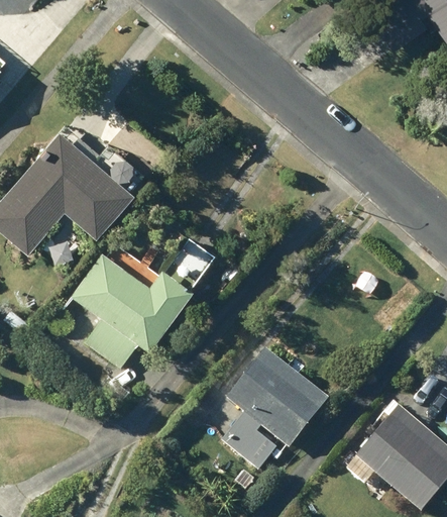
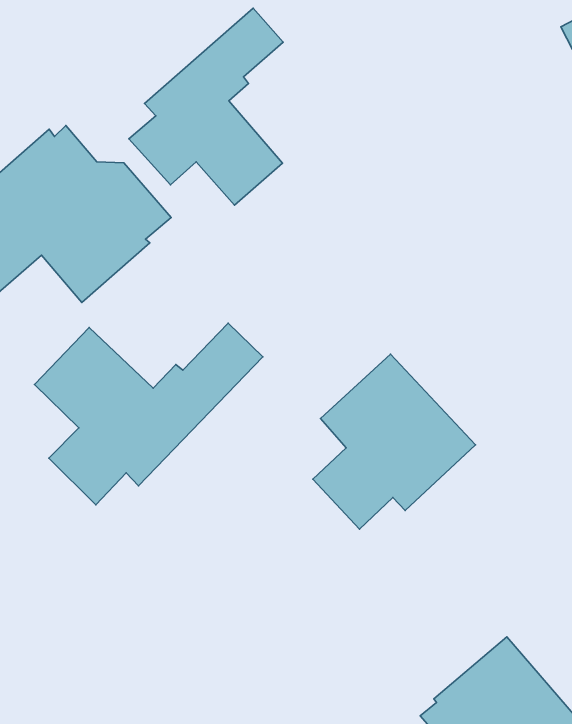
building: none -> [129,8,283,205]
building: [226,352,327,467] -> [313,354,475,529]

